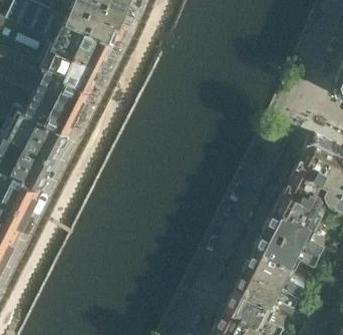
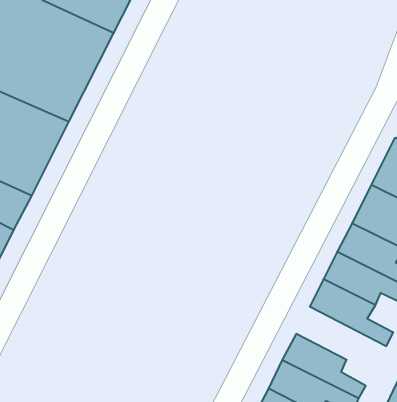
building: [238,261,304,300] -> none

